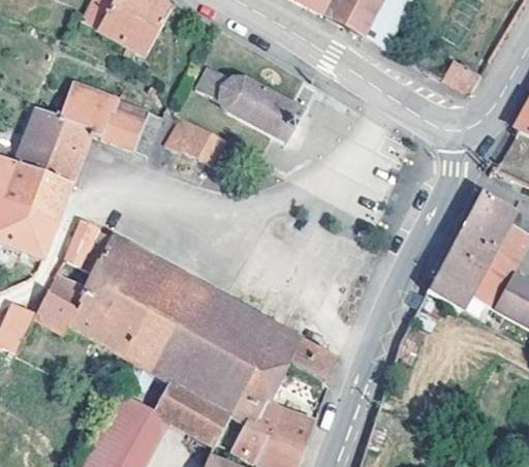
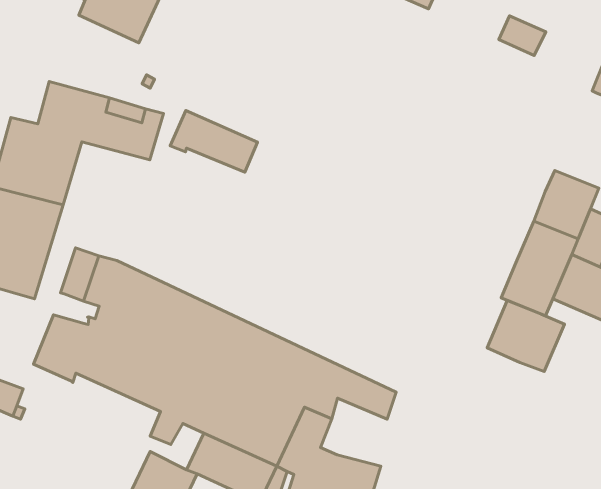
building: [196,66,304,142] -> none
building: none -> [487,300,565,372]

